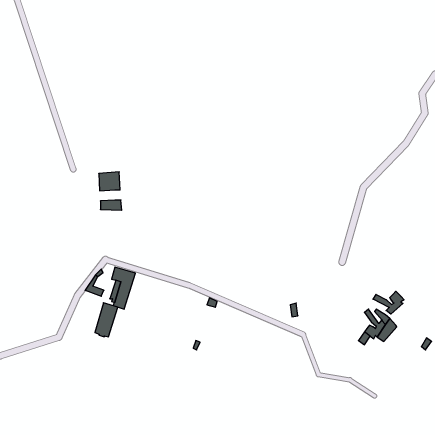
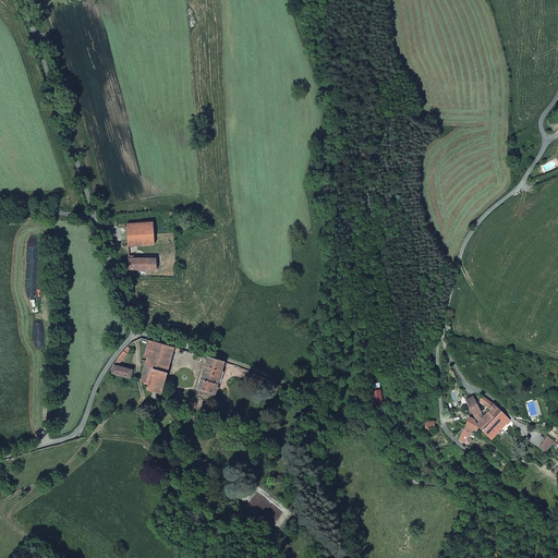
building: [373,291,404,314] -> none
building: [95,303,118,337] -> [194,360,223,403]

